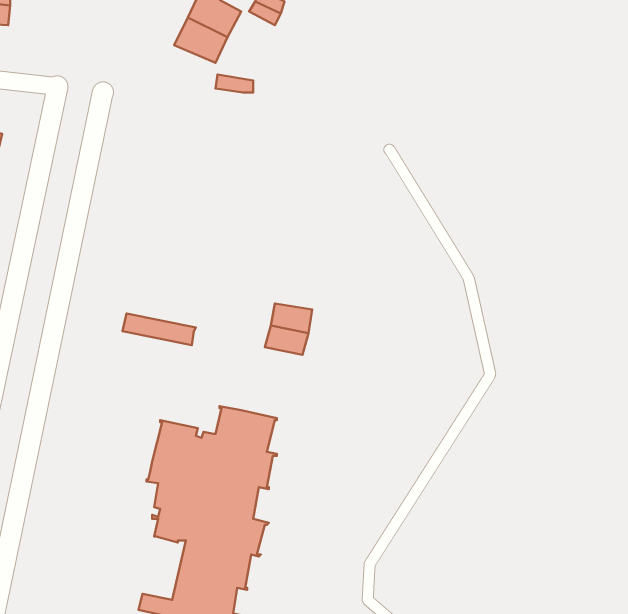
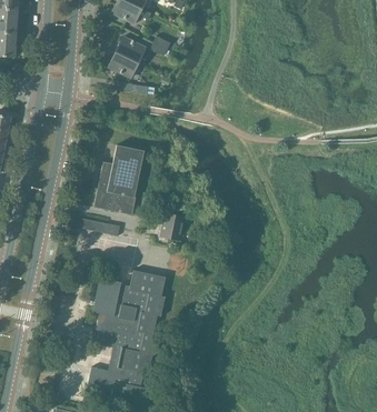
building: none -> [95,144,145,214]

